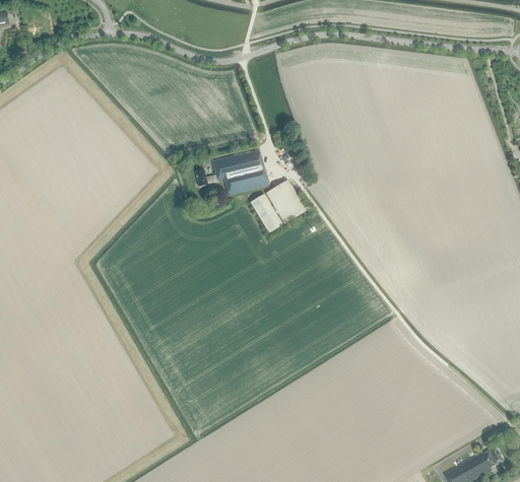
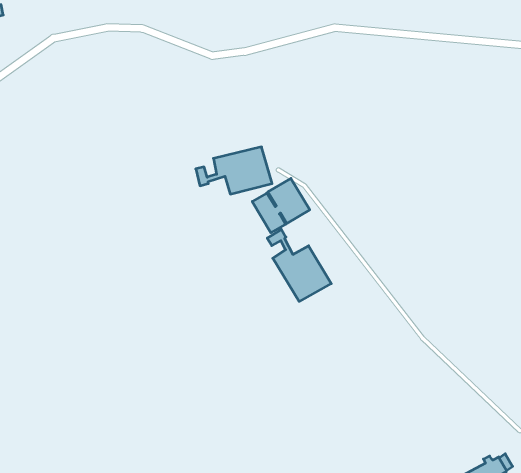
building: none -> [267,229,331,301]

